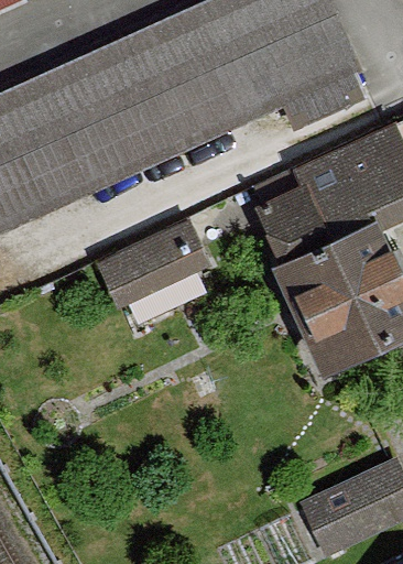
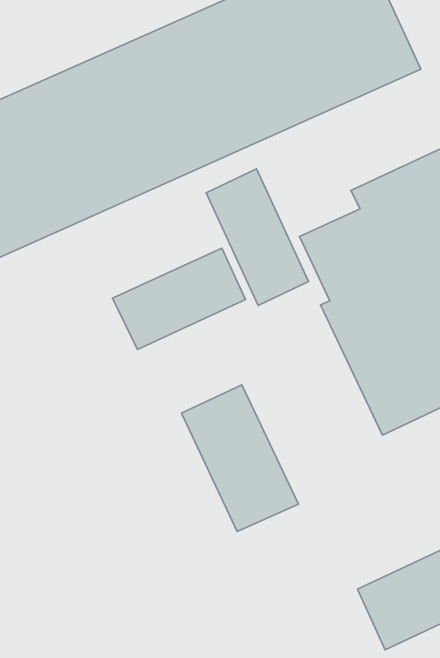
building: none -> [206,169,308,305]
building: none -> [182,385,299,531]

